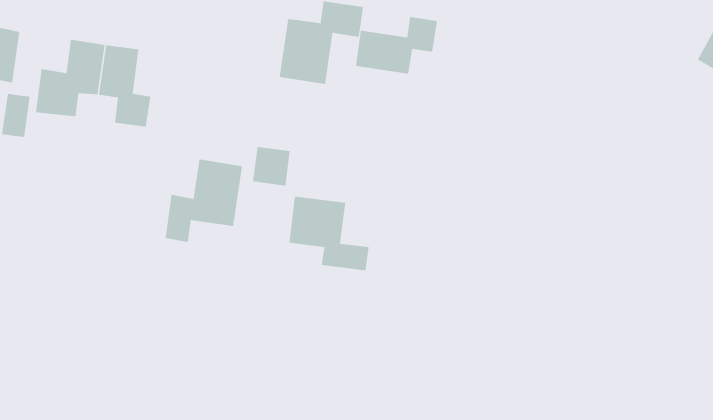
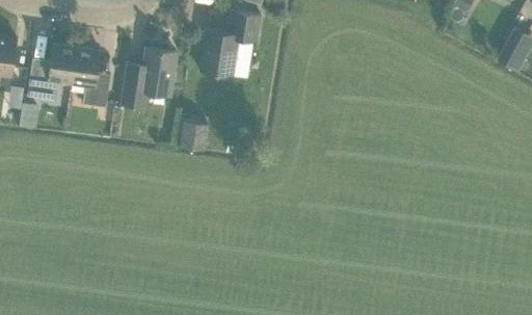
building: [355,16,438,74] -> none
building: [165,159,243,243] -> [122,47,177,106]
building: [289,196,369,271] -> none

